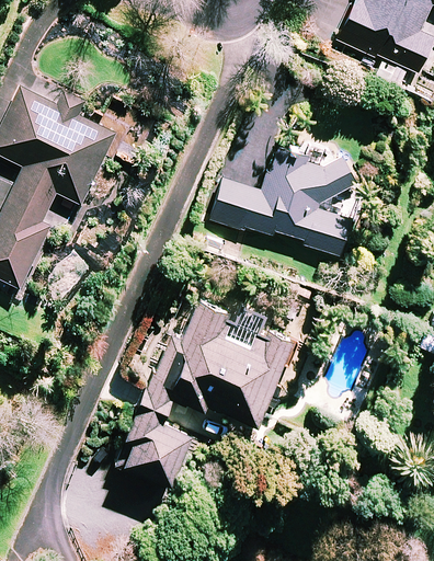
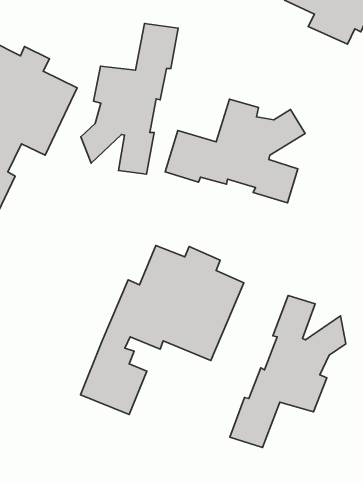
building: none -> [81,24,178,174]
building: none -> [230,295,346,447]

